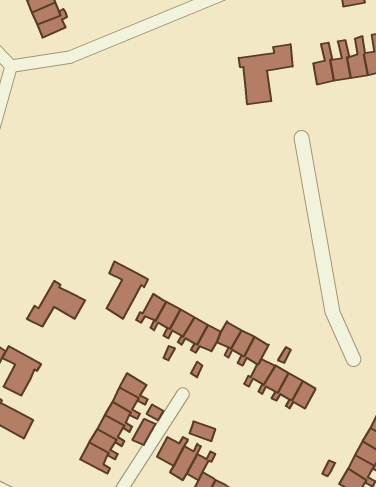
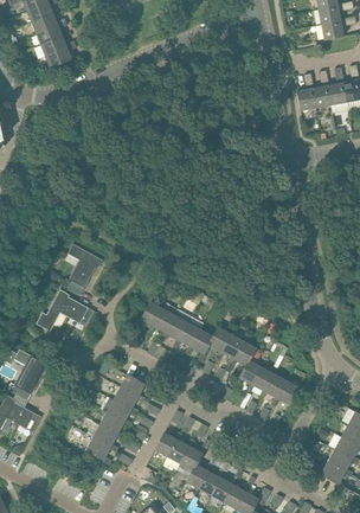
building: [239,44,293,104] -> none
building: [106,261,148,319] -> [65,243,103,295]

